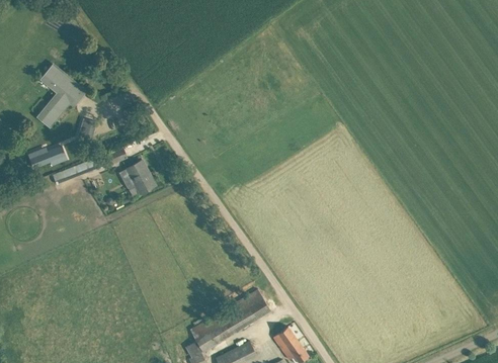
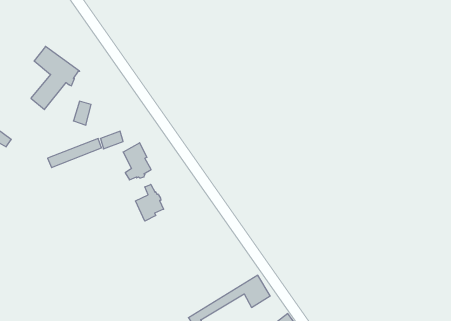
building: [28,145,66,167] -> none
building: none -> [136,184,164,221]

